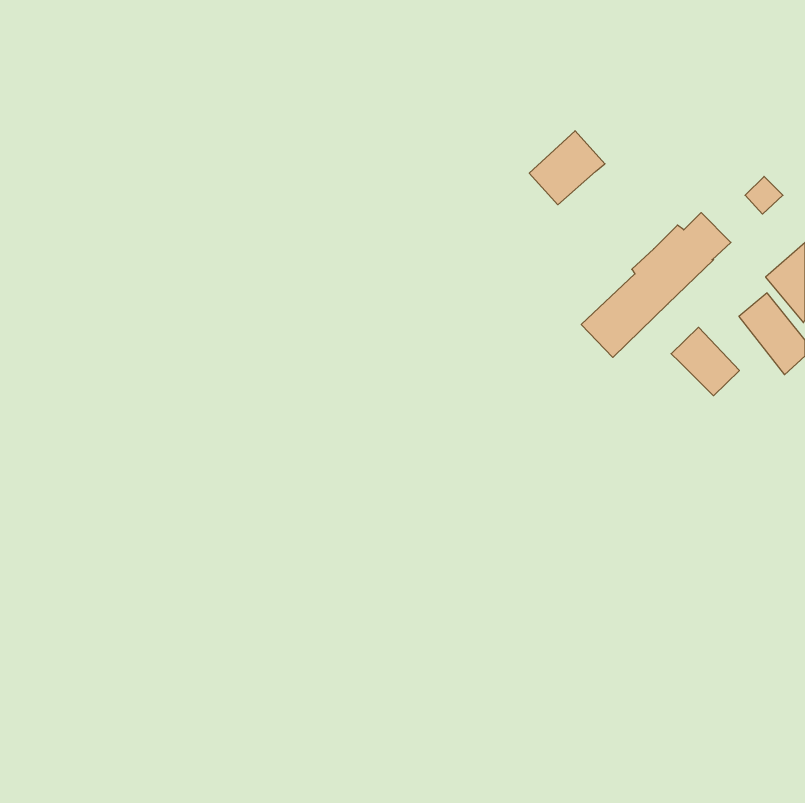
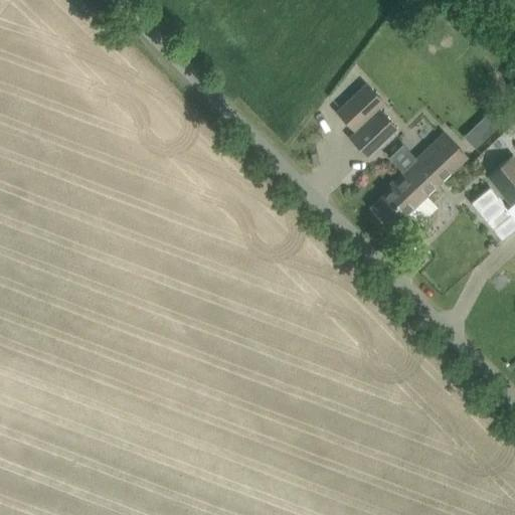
building: none -> [350,111,398,158]
building: [671,327,739,396] -> none

